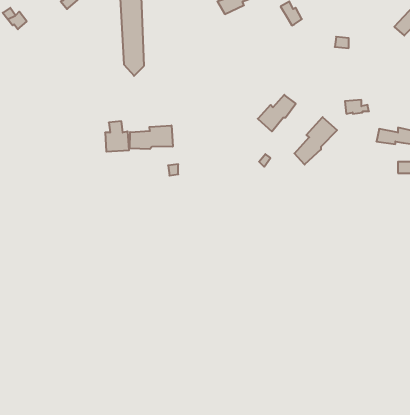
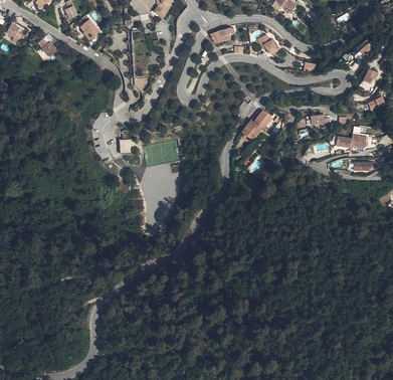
building: [294,117,337,165] -> none
building: [130,125,173,149] -> none

